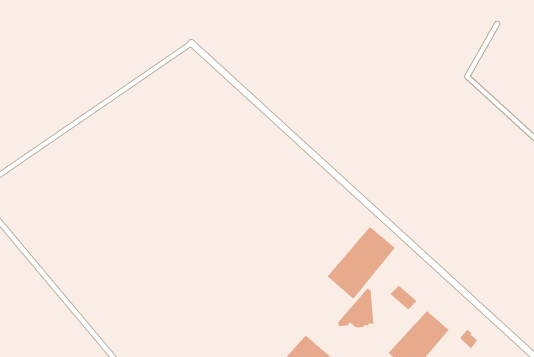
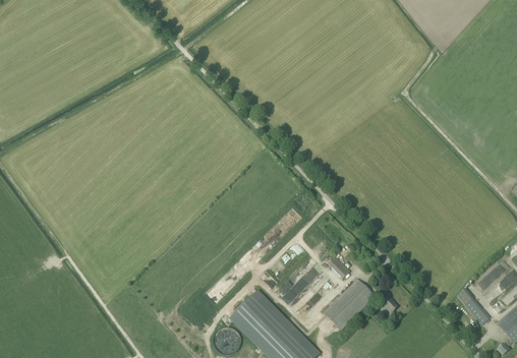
building: [326,226,396,300] -> none

